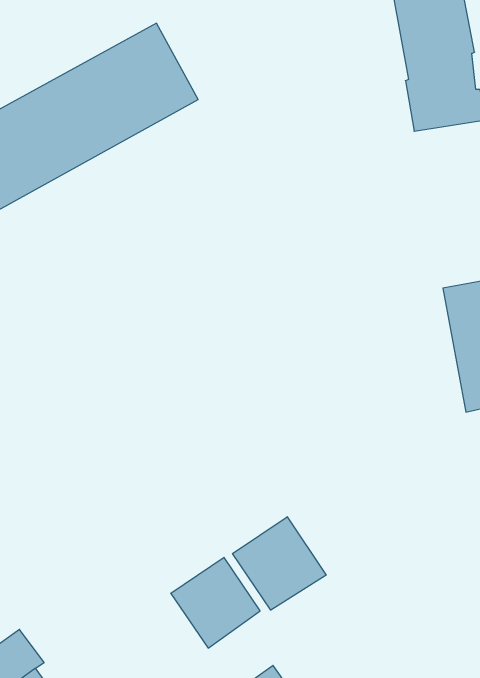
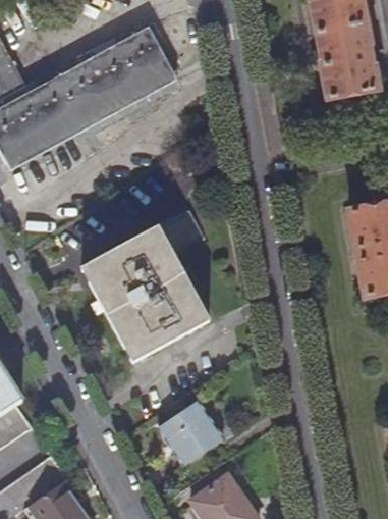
building: none -> [82,210,210,363]
building: [233,517,326,610] -> none

